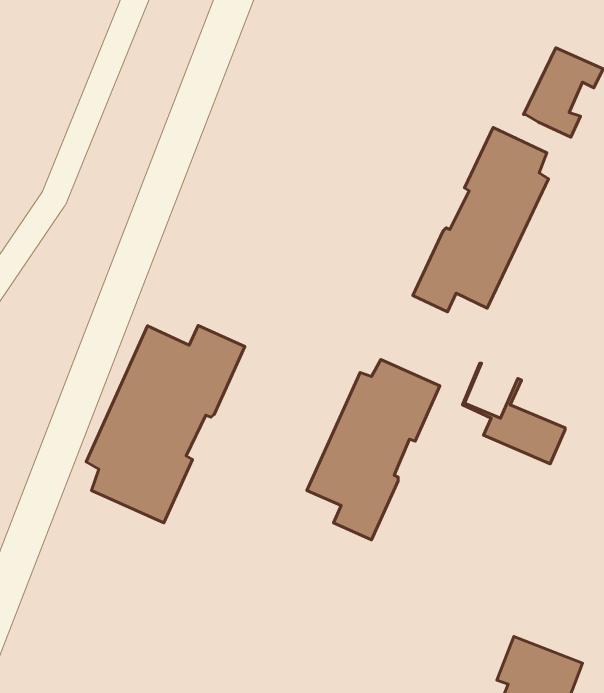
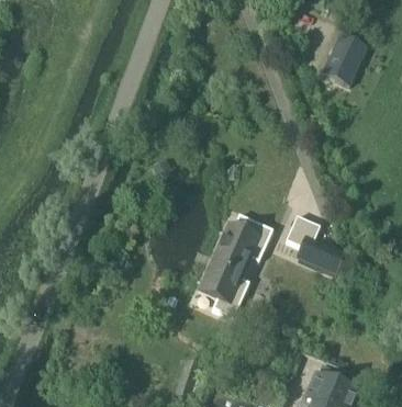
building: [413,127,548,312] -> none
building: [86,325,245,523] -> none

